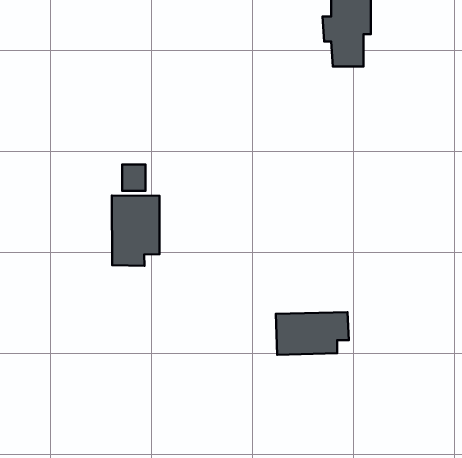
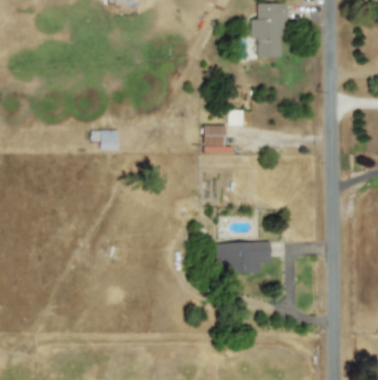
building: none -> [203,124,225,151]
building: [112,195,159,266] -> none

